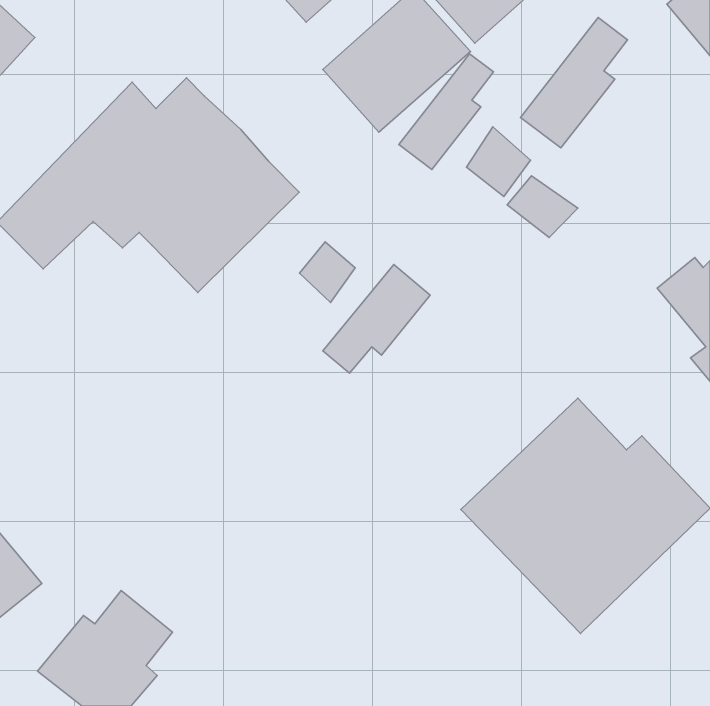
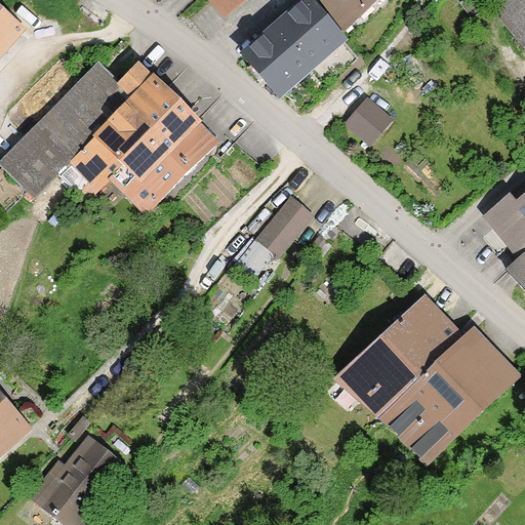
building: [521,18,628,148] -> none
building: [399,54,493,169] -> none
building: [507,176,578,238] -> none
building: [300,242,355,303] -> none

